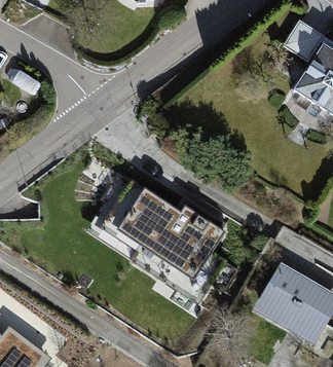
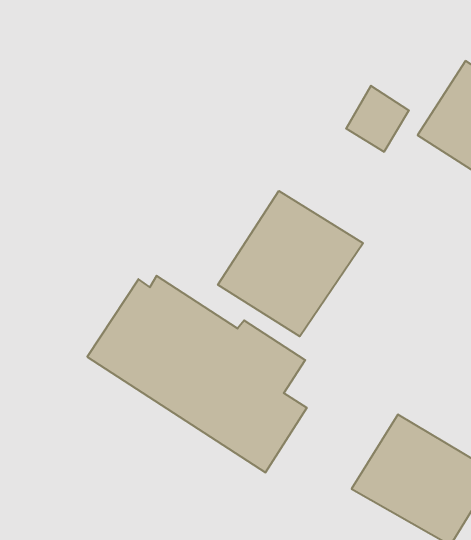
building: [283,20,322,61] -> [346,86,409,152]
building: none -> [218,191,363,336]

